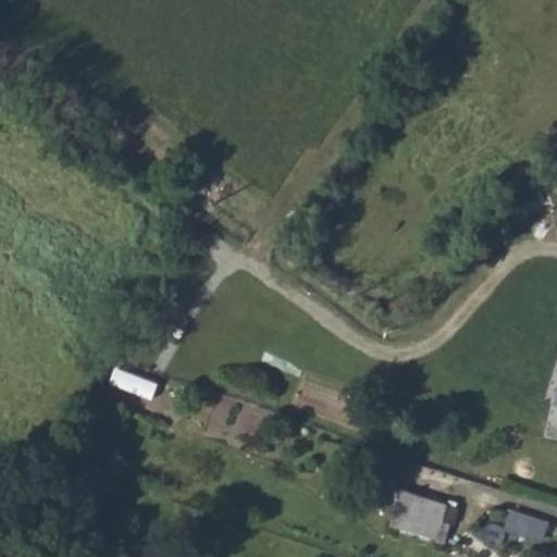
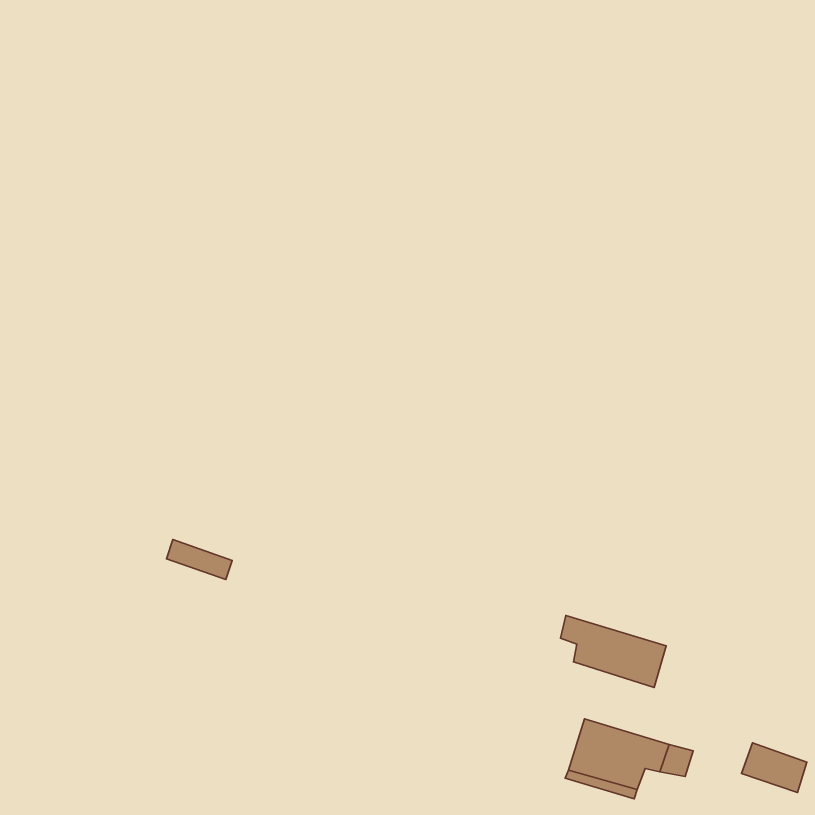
building: none -> [561,616,666,687]

